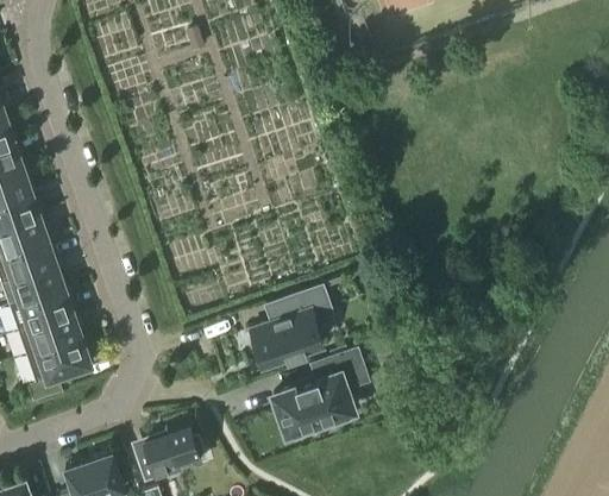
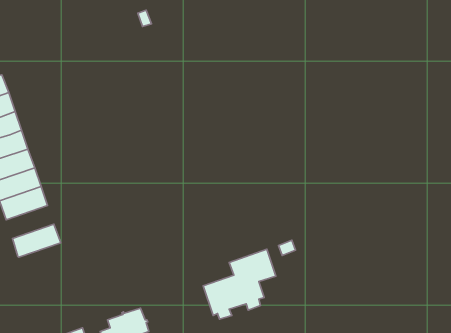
building: [250,287,333,366] -> none
building: [11,291,74,335] -> none
building: [27,341,92,402] -> none

